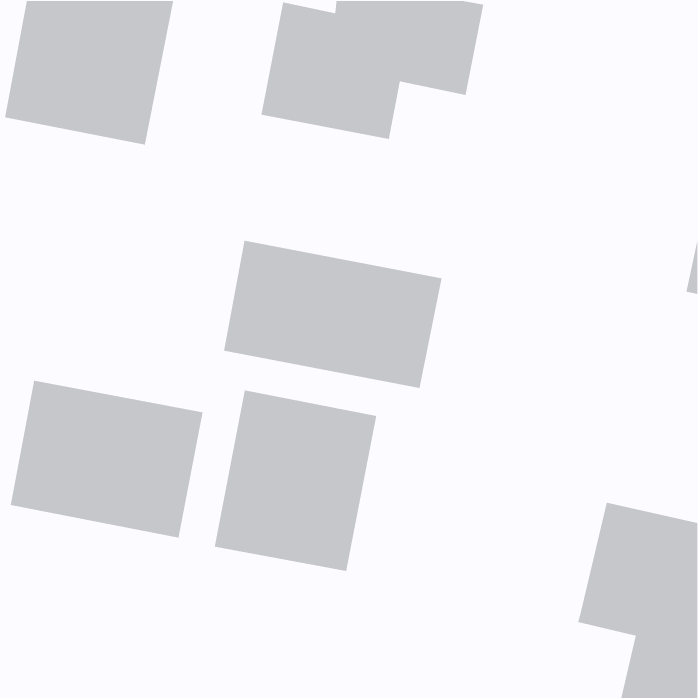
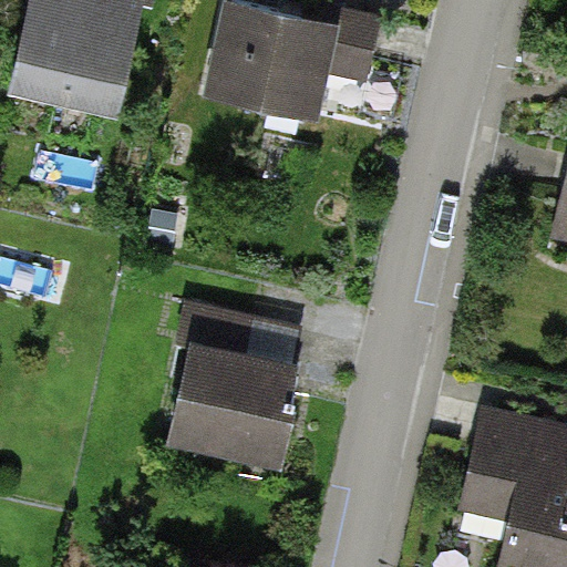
building: [223,240,442,389] -> none
building: [10,380,203,539] -> none

